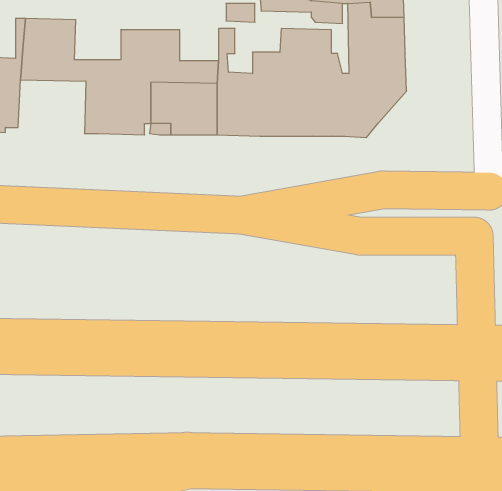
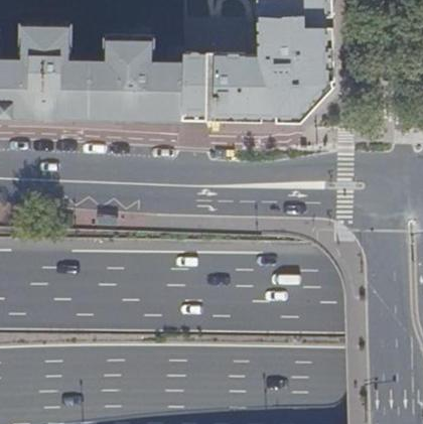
building: none -> [19,76,74,119]

